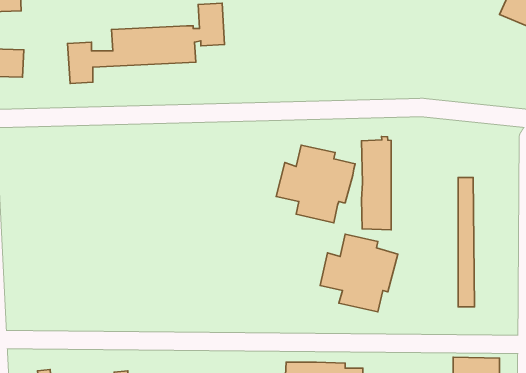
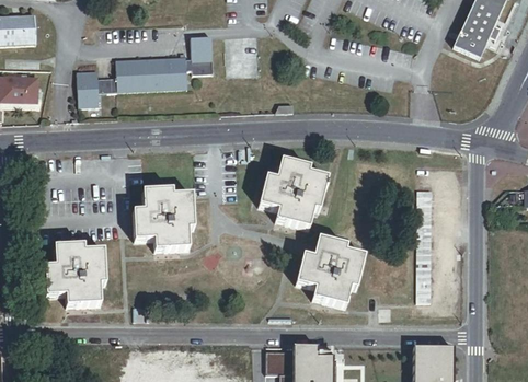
building: [362,137,391,230] -> none
building: none -> [134,188,194,248]
building: none -> [45,245,106,305]

